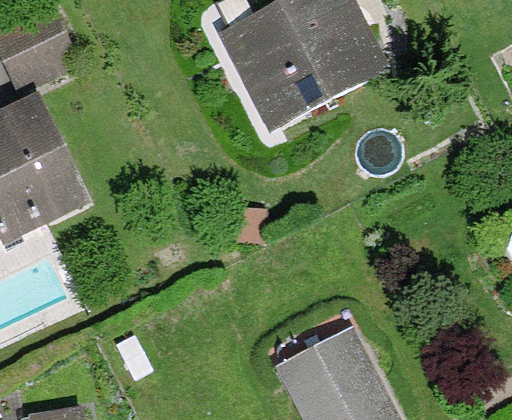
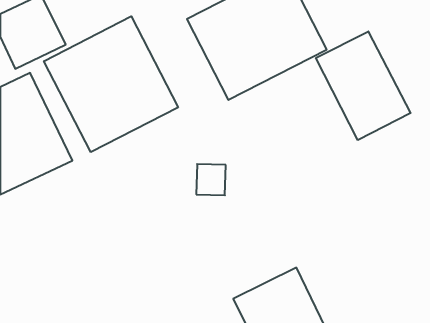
building: none -> [44,16,178,152]
building: none -> [316,31,411,140]

